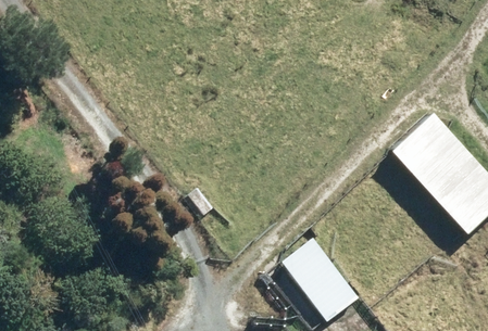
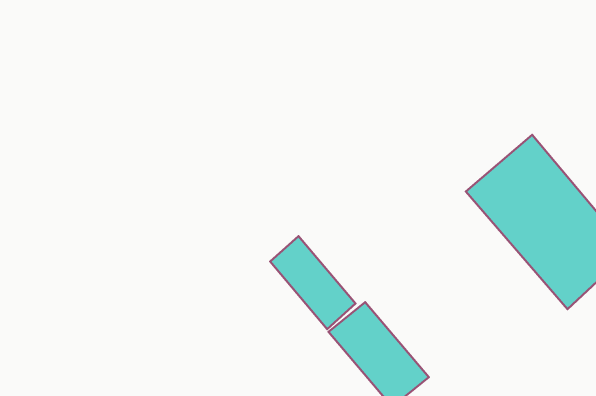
building: none -> [270,236,356,329]

